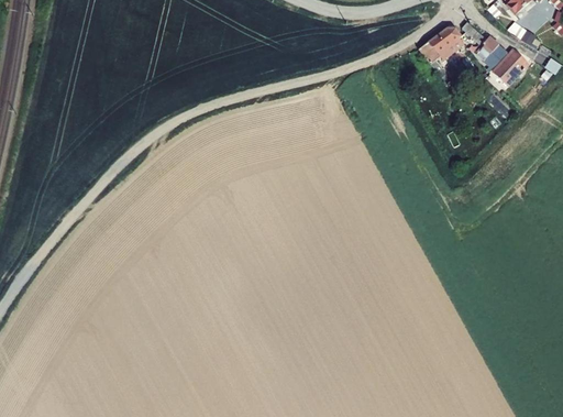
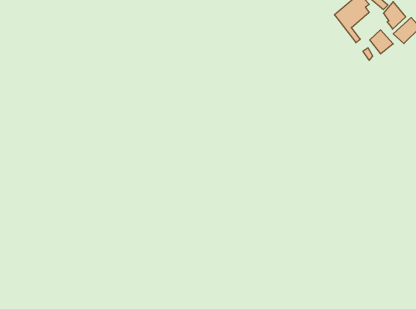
building: none -> [370,30,393,54]

